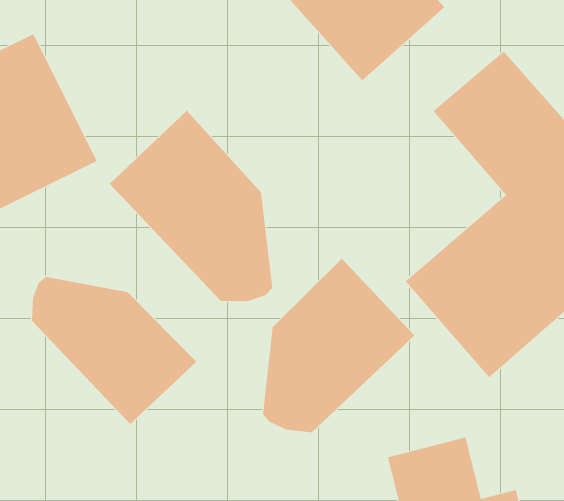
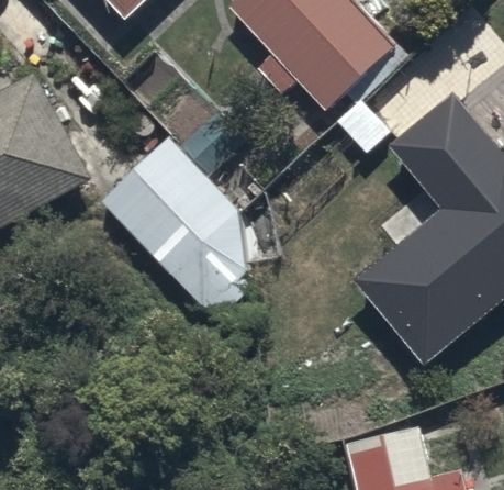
building: [262,258,415,433] -> none
building: [32,276,197,425] -> none

